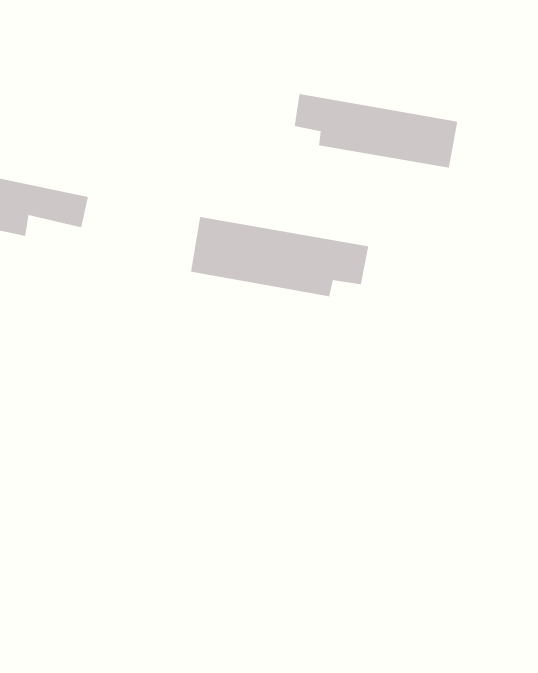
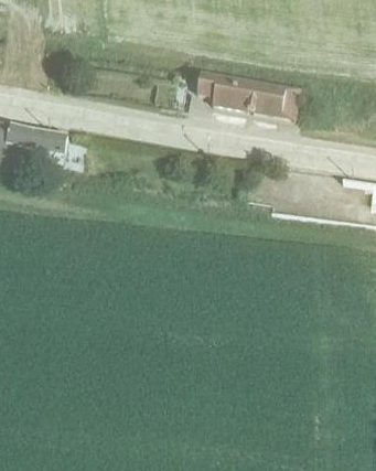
building: [190,216,369,297] -> none

